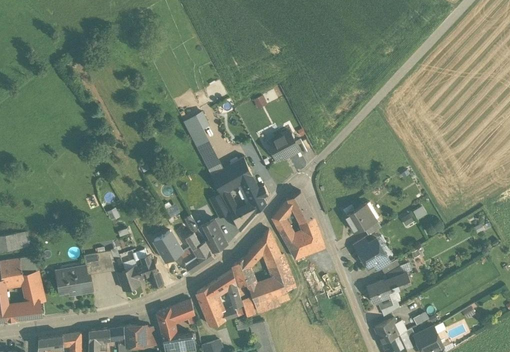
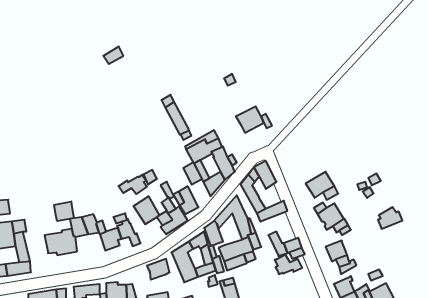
building: none -> [118,175,147,194]
building: [293,215,320,245] -> none
building: none -> [54,201,74,221]
building: [384,267,411,291] -> [378,207,402,229]
building: none -> [275,255,302,274]
building: [156,308,175,339] -> none

